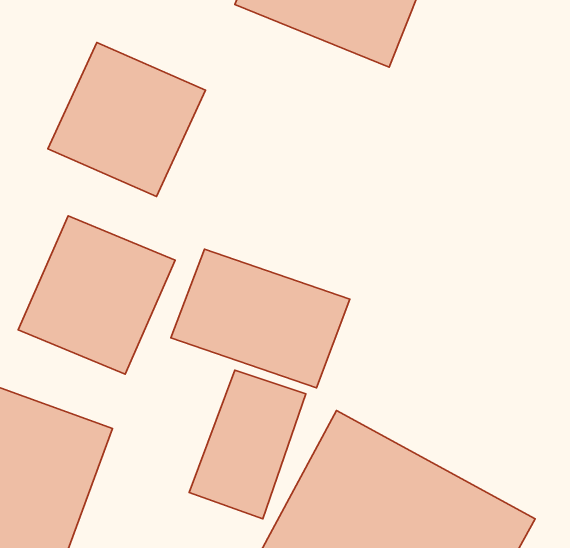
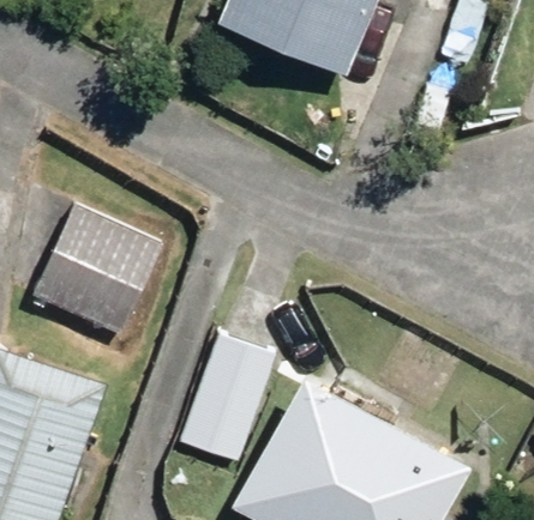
building: [48,42,205,196] -> none
building: [171,249,350,388] -> none

